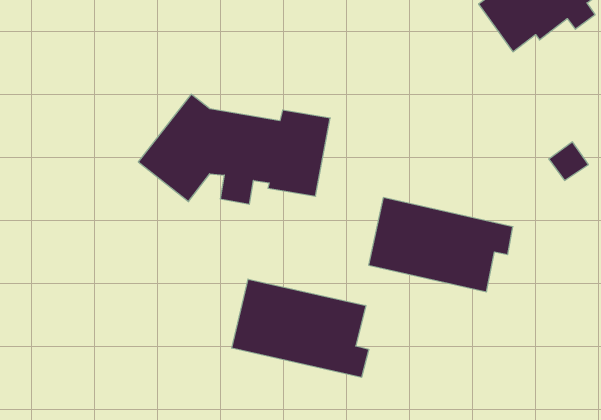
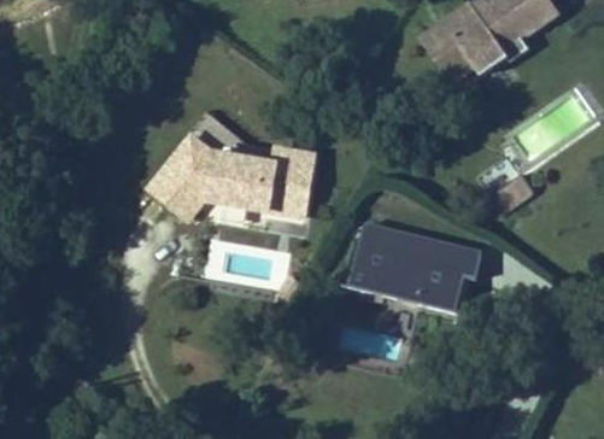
building: [232,279,369,377] -> none

